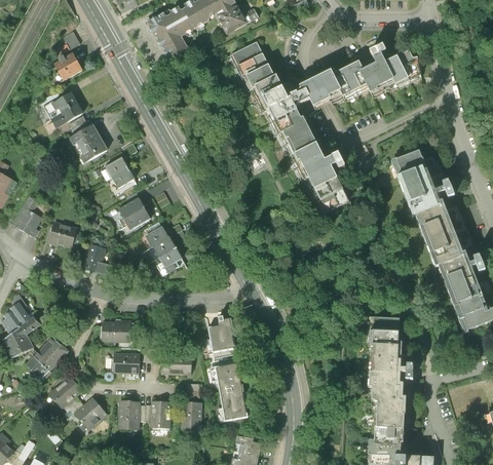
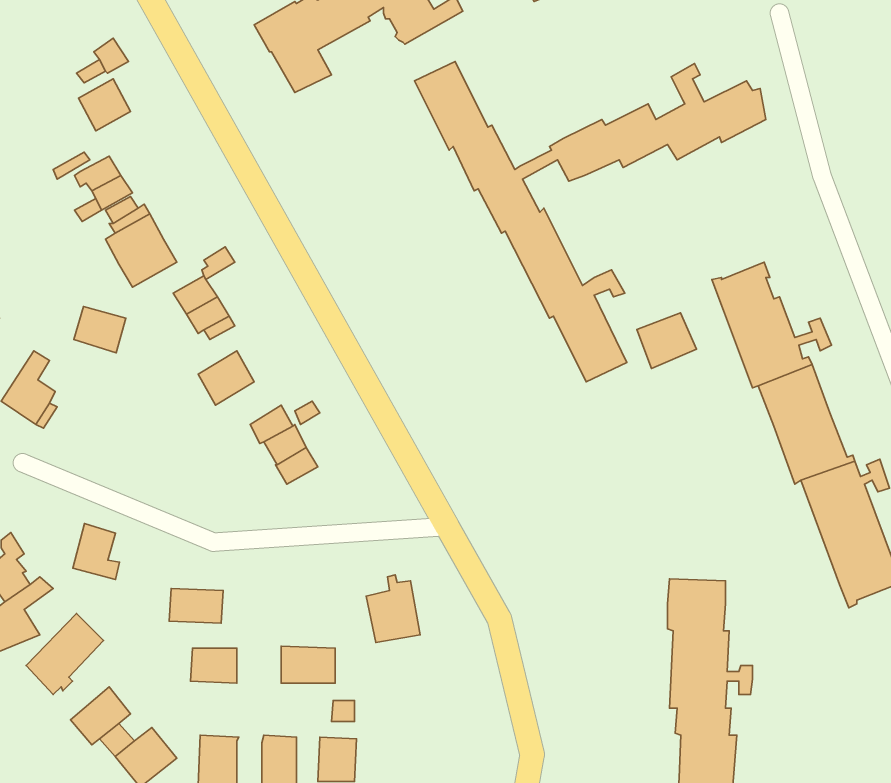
building: none -> [637,313,696,369]
building: [49,222,77,246] -> [74,307,126,353]
building: [82,243,107,273] -> [73,524,119,580]
building: [216,361,248,420] -> none

